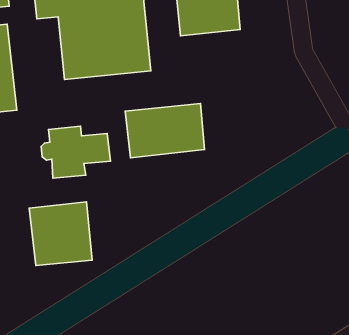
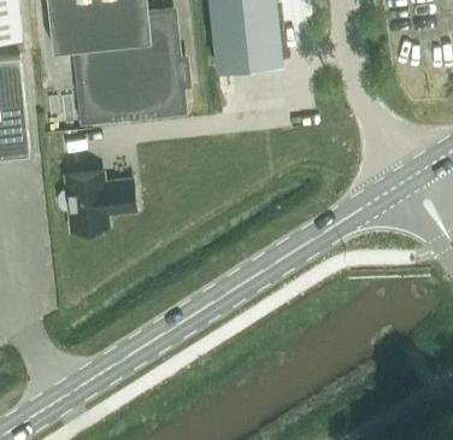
building: [125,104,205,158] -> none
building: [29,202,92,266] -> none

